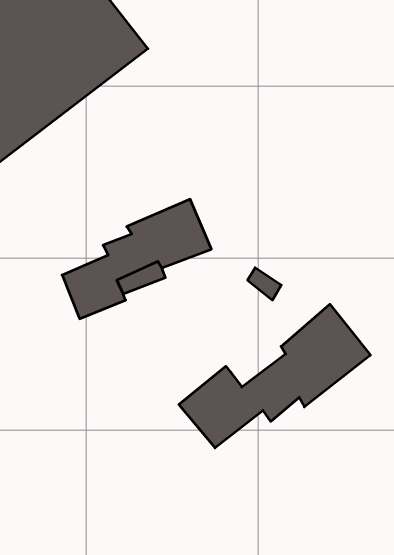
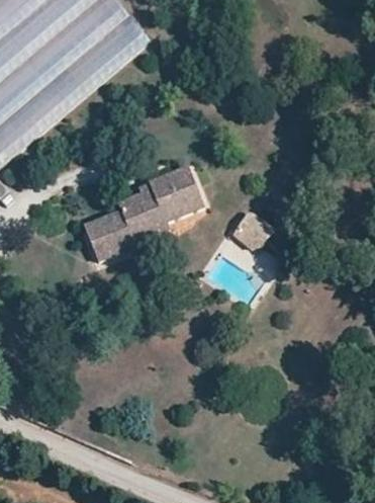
building: [179,304,370,448] -> none

